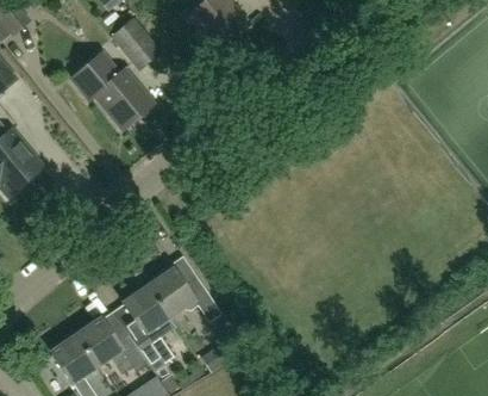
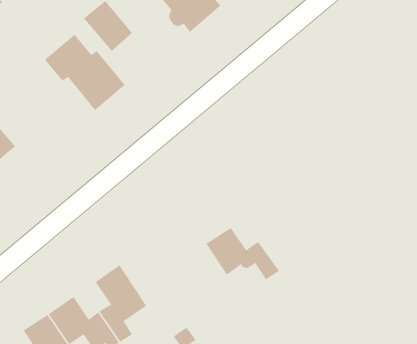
building: [148,267,223,321] -> [205,227,280,280]

